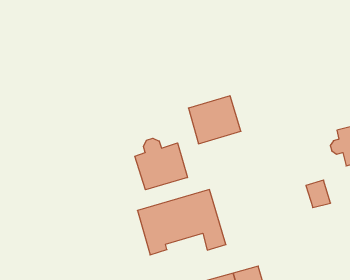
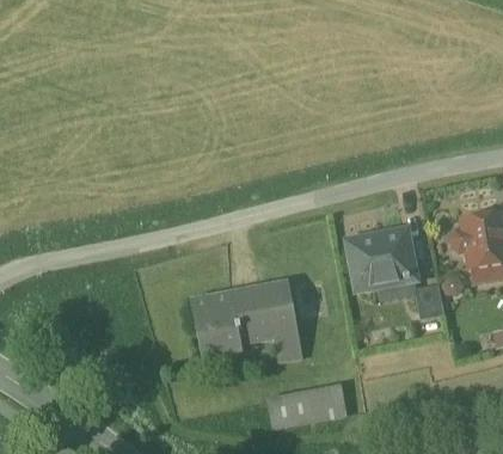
building: [188,96,241,144] -> [349,231,415,289]
building: [135,138,187,190] -> none

